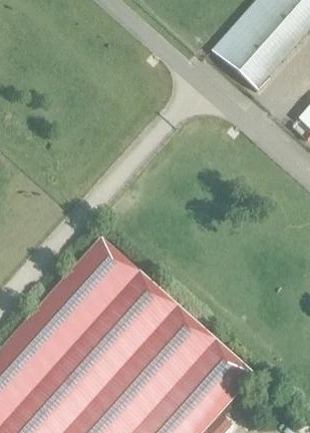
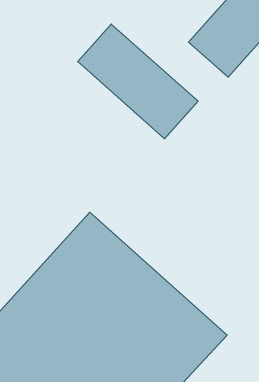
building: none -> [78,24,198,139]

